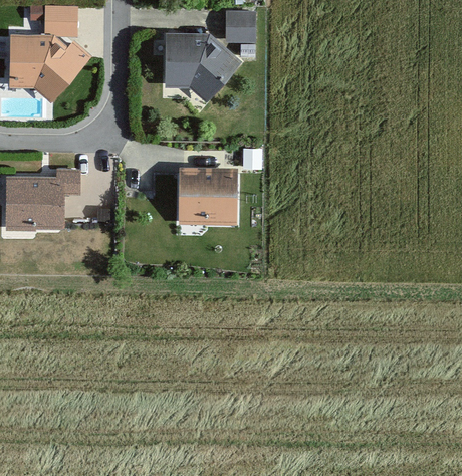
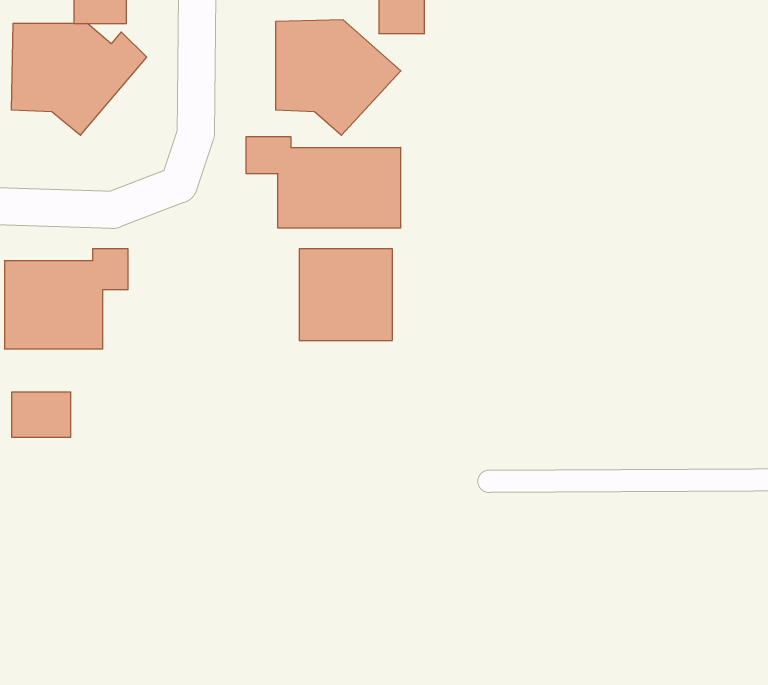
building: none -> [246,137,401,228]
building: none -> [12,392,71,437]

